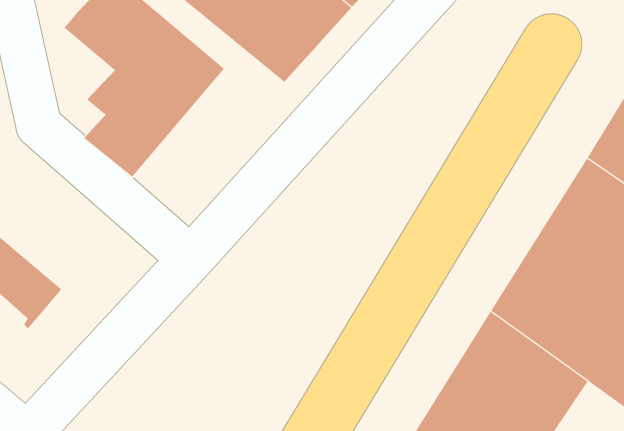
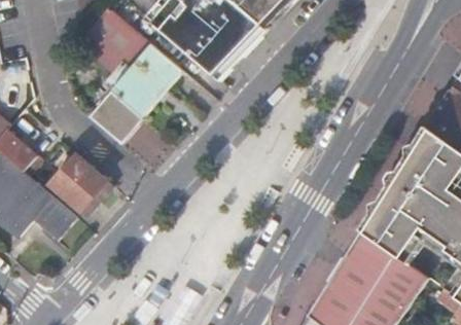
building: none -> [46,155,115,222]

